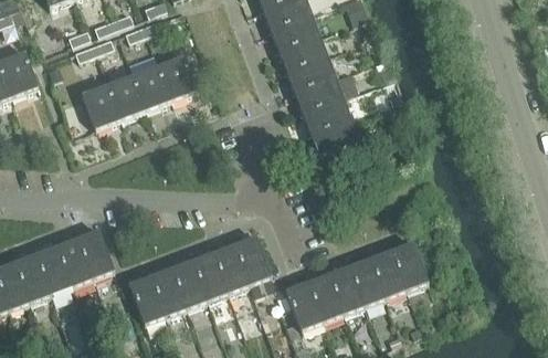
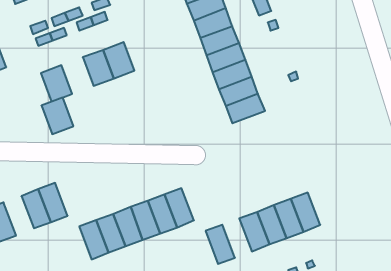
building: [107,73,147,118] -> [41,98,73,134]
building: [35,245,73,294] -> none
building: [307,273,344,322] -> none

